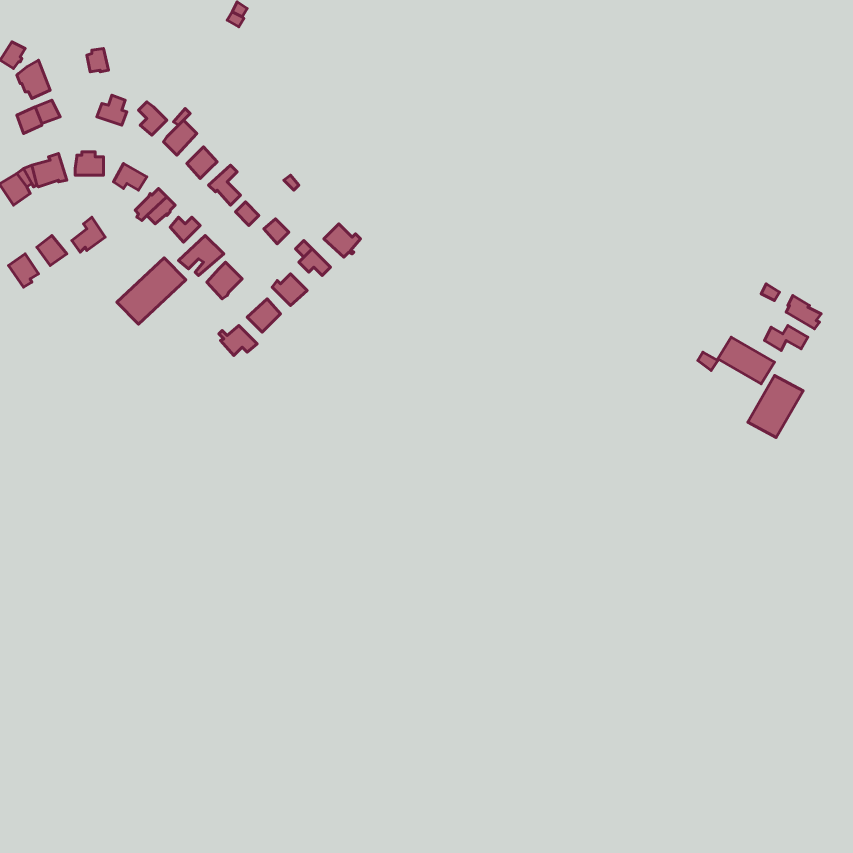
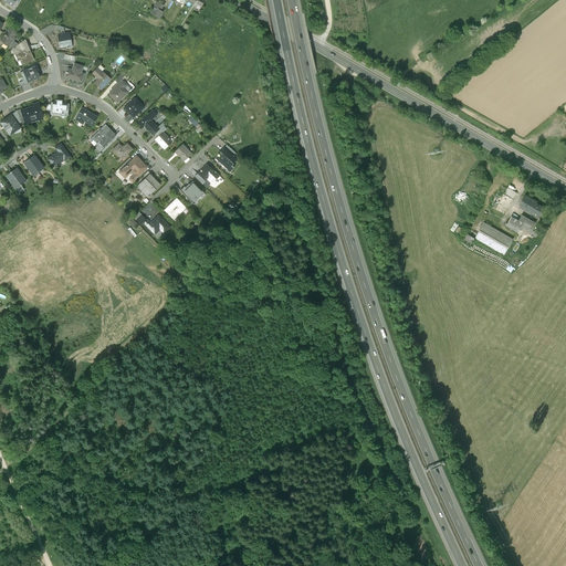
building: [117,258,186,324] -> none
building: [748,375,803,438] -> none

